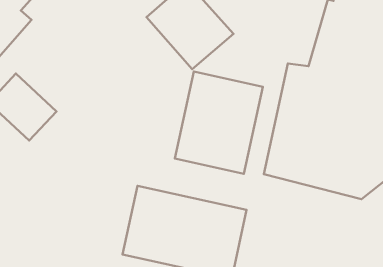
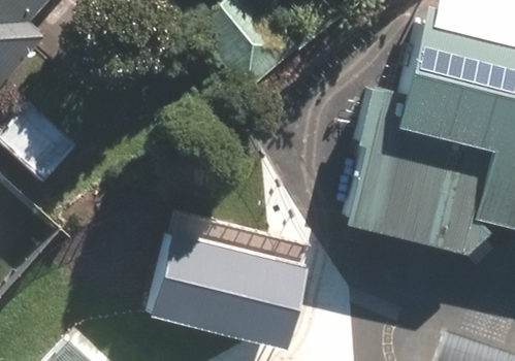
building: [175,71,263,174] -> none

